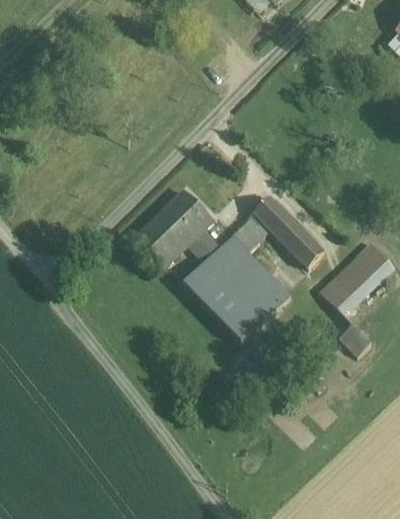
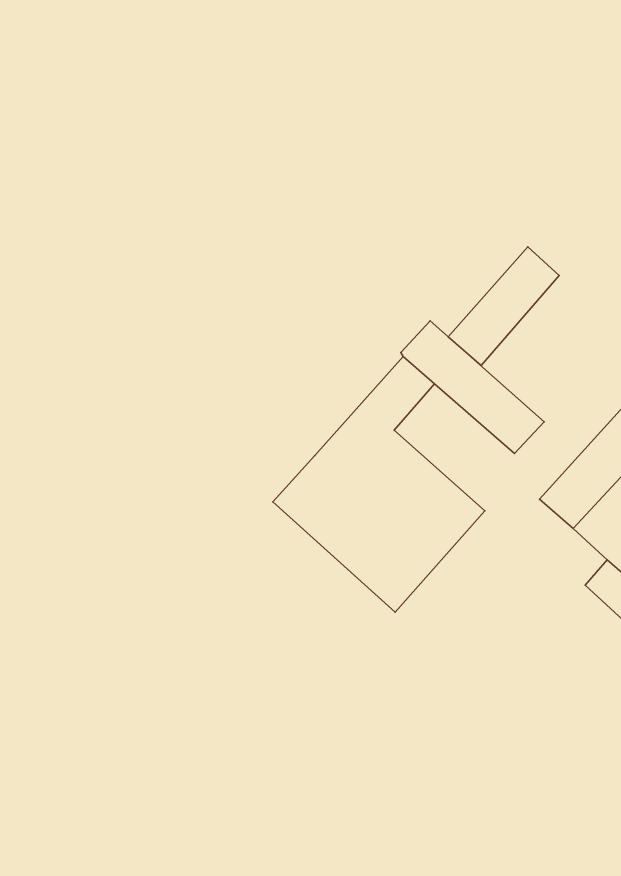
building: none -> [448,247,559,365]
building: [138,190,219,264] -> none

